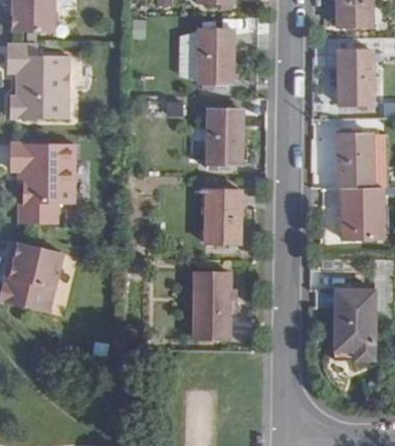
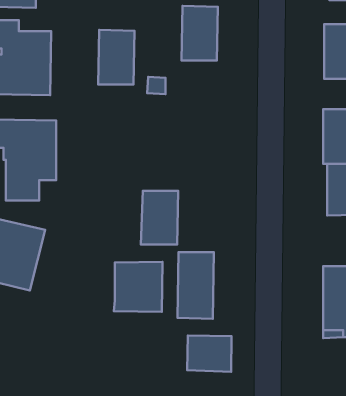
building: [206,109,242,164] -> [98,30,135,85]
building: [204,191,241,244] -> [141,191,178,245]
building: none -> [114,262,163,312]
building: none -> [187,335,232,372]

